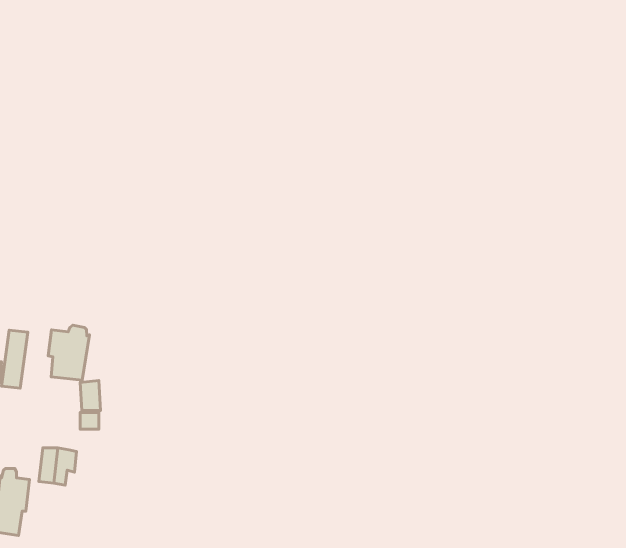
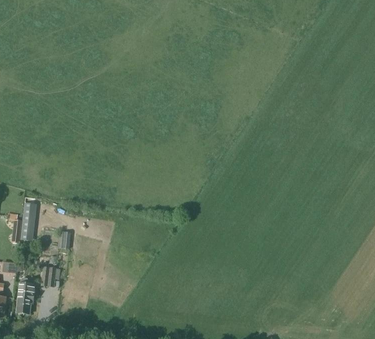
building: [48,325,90,380] -> none

